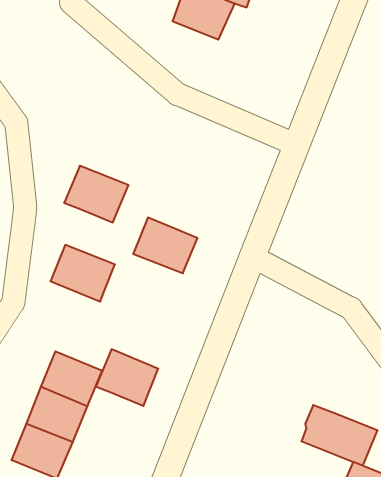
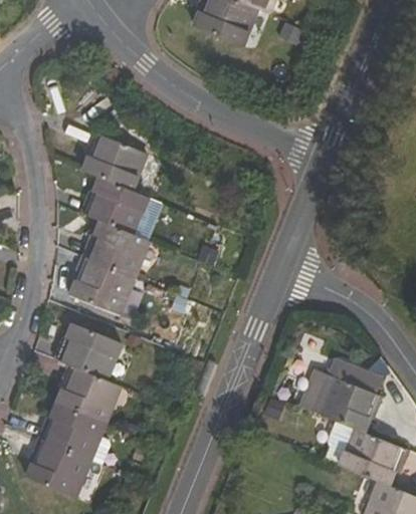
building: none -> [82,134,146,190]
building: [133,218,198,273] -> [83,221,150,278]
building: none -> [303,360,384,433]
building: [96,349,158,406] -> [58,323,123,381]

